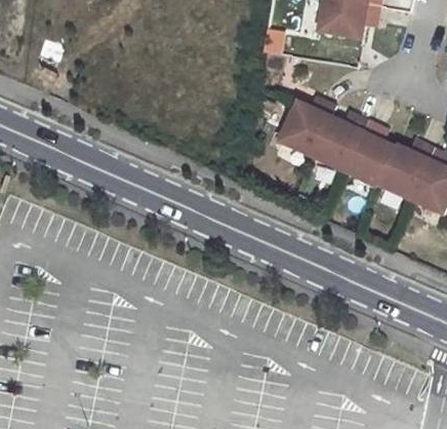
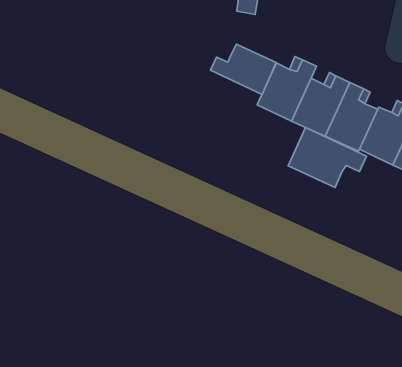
building: none -> [211,44,276,94]
building: none -> [288,127,367,187]

